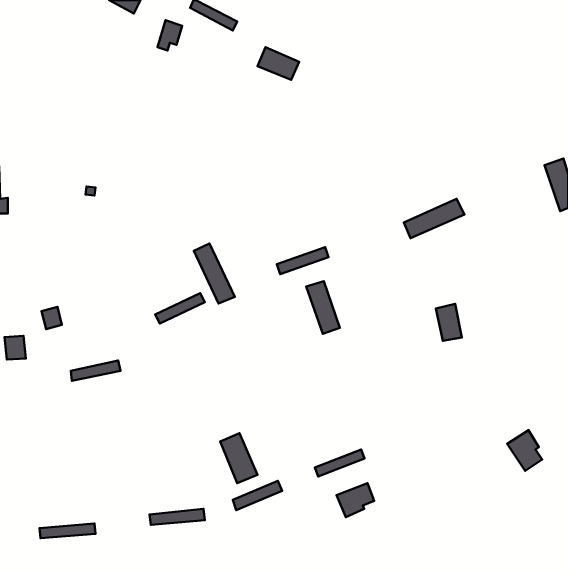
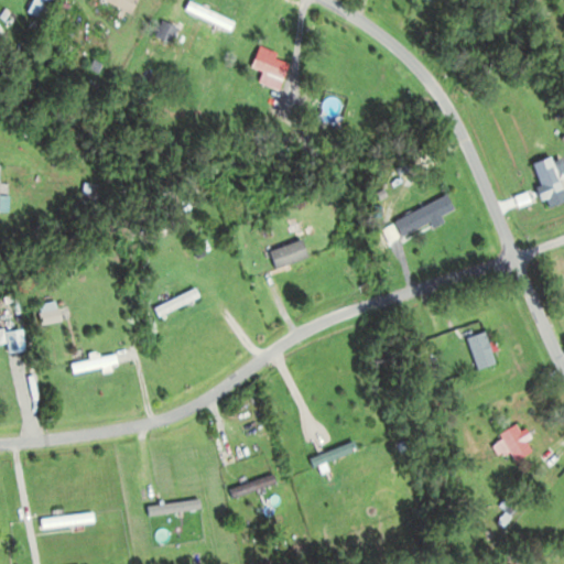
building: [194,243,235,303] -> none
building: [306,281,340,334] -> none
building: [436,304,462,341] -> [468,333,494,369]
building: [220,433,257,483] -> none
building: [337,483,374,517] -> none

